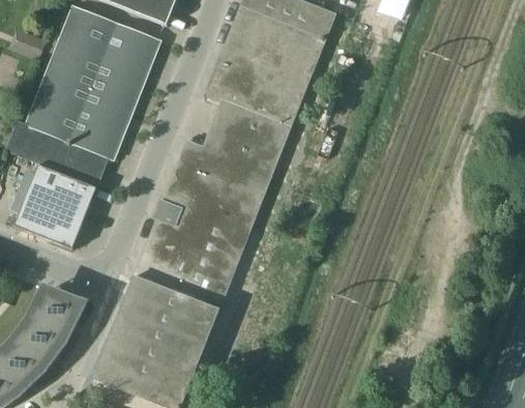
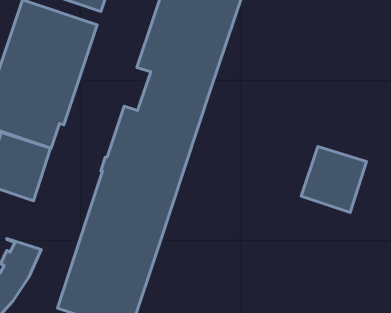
building: none -> [301,147,367,212]

